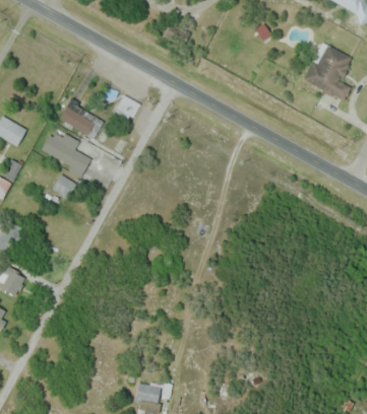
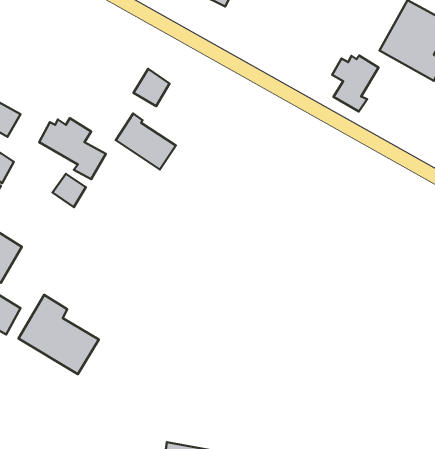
building: none -> [332,55,379,112]
building: [59,98,105,141] -> [116,114,176,169]
building: none -> [18,295,99,374]

